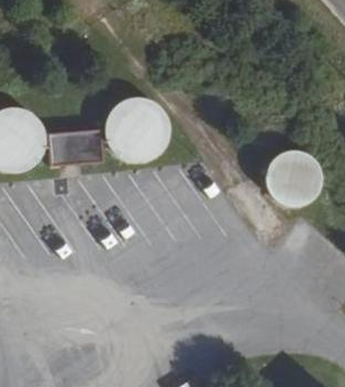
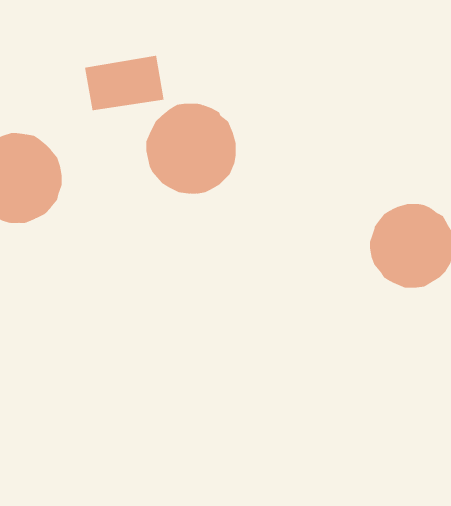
building: [50,129,108,169] -> [84,55,164,111]

